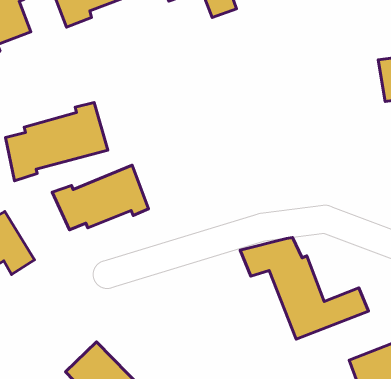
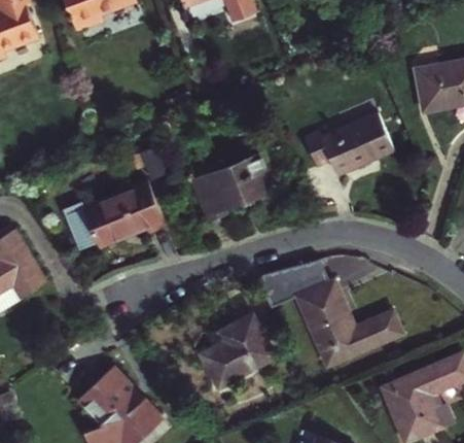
building: none -> [314,106,400,164]
building: [6,103,108,181] -> none
building: none -> [191,154,274,224]
building: none -> [197,316,271,386]

